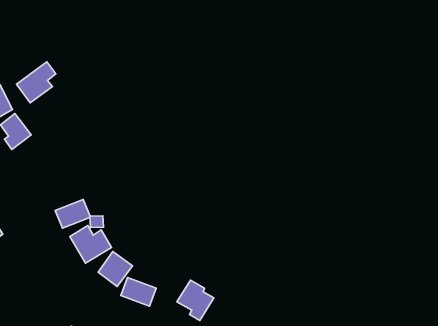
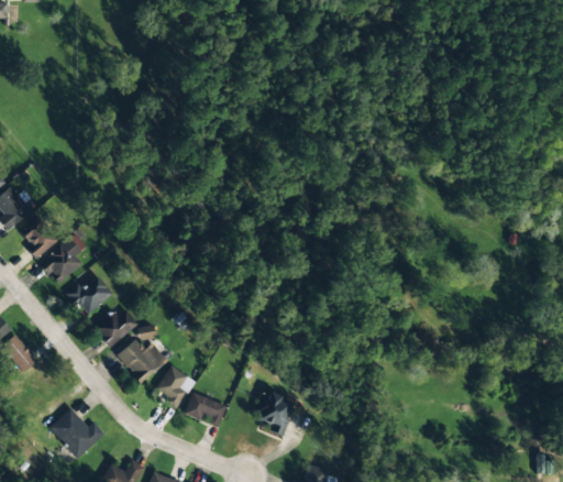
building: [16,62,56,103] -> [38,233,84,284]
building: none -> [64,275,111,313]
building: none -> [48,407,103,458]

